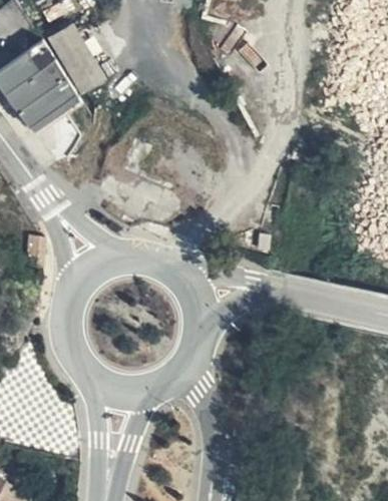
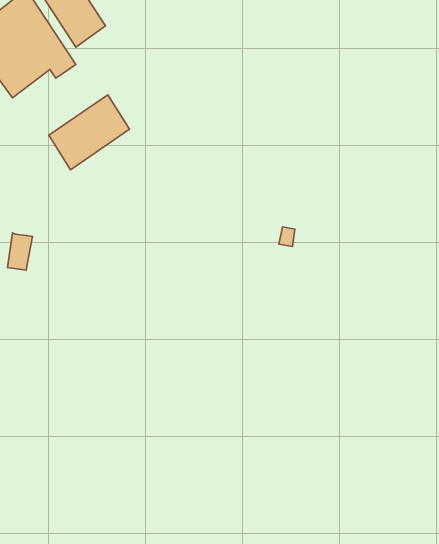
building: none -> [49,95,130,170]

